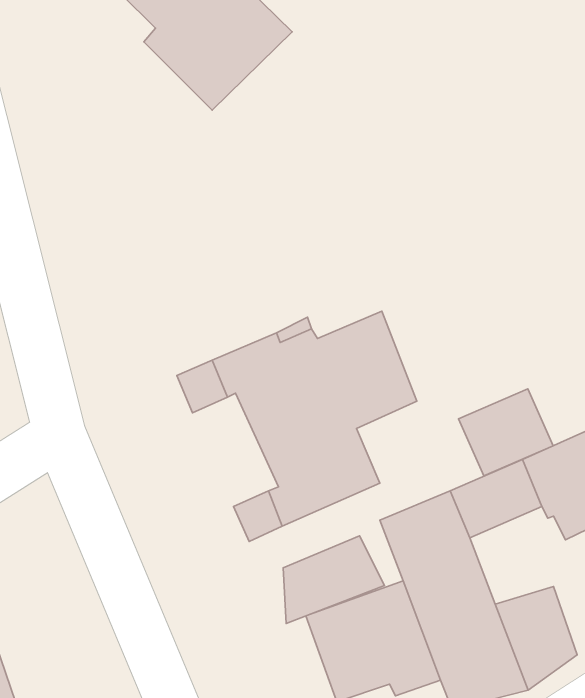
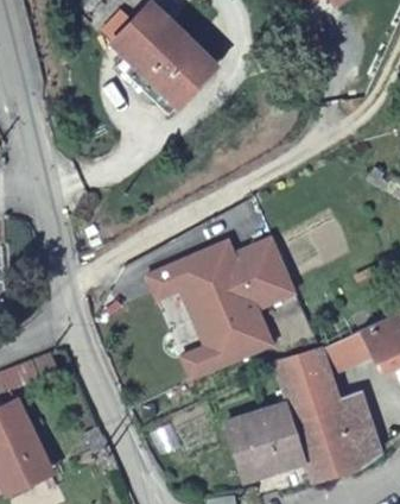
building: [458,389,553,476] -> none
building: [283,536,384,623] -> none

